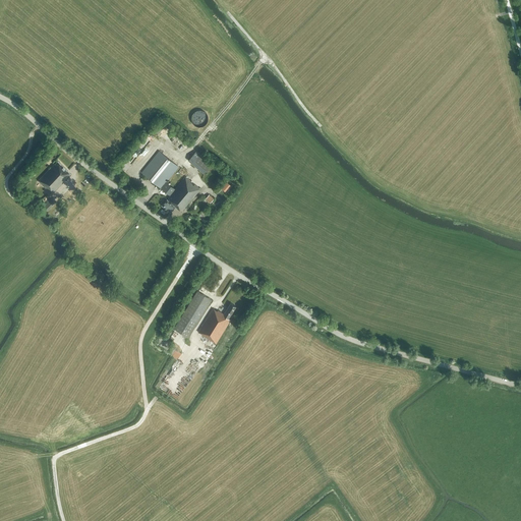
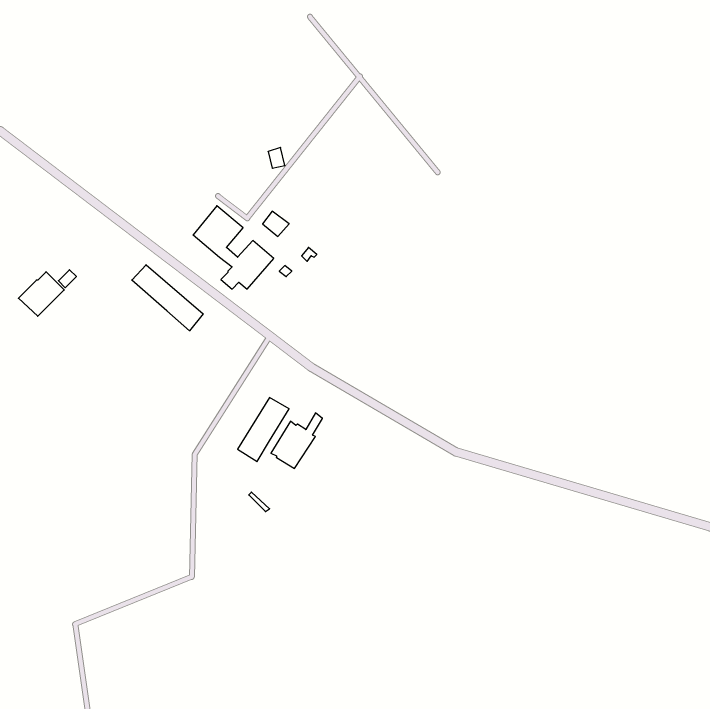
building: [38,162,71,194] -> [18,272,64,316]
building: none -> [132,265,203,331]

